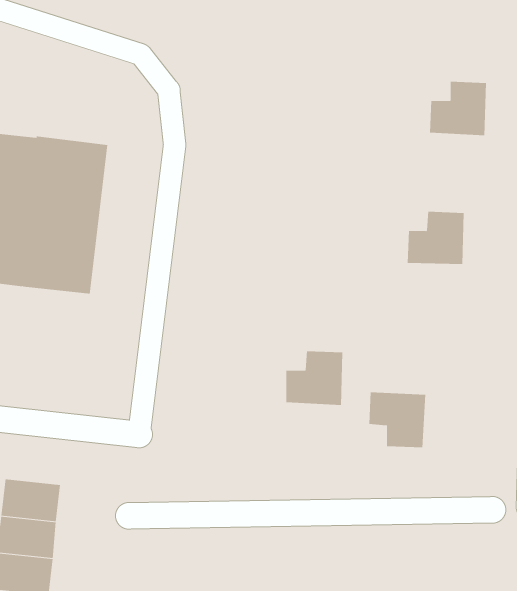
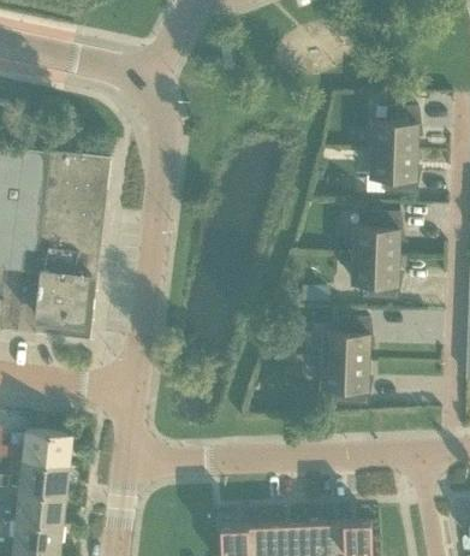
building: none -> [369,149,416,195]
building: none -> [351,255,398,300]
building: none -> [34,274,95,339]
building: [286,351,343,405] -> [322,318,369,362]

